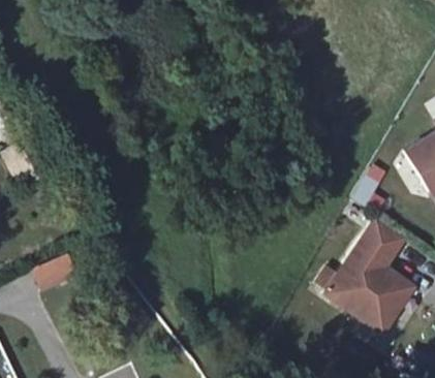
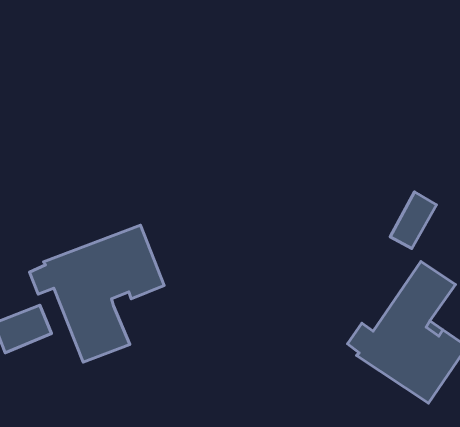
building: none -> [29,225,164,362]

